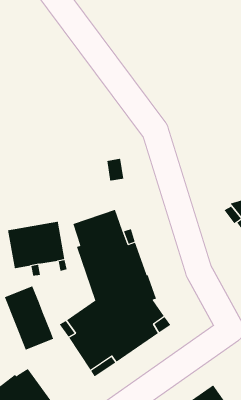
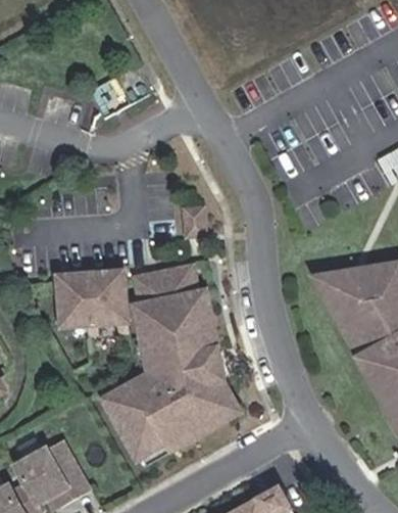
building: [4,285,54,350] -> none

